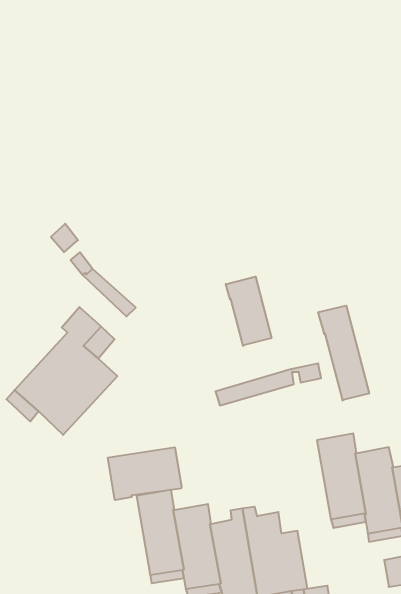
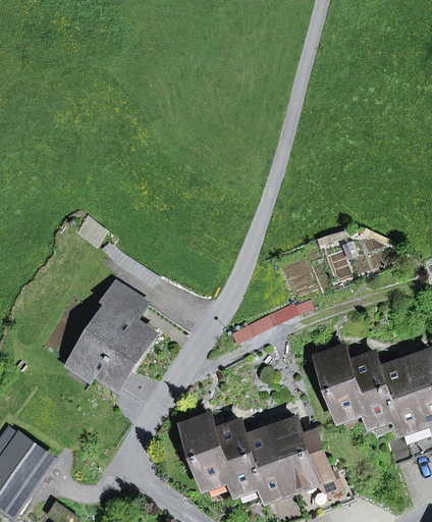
building: [226,277,271,346] -> none
building: [318,306,369,401] -> none
building: [108,447,182,500] -> none

